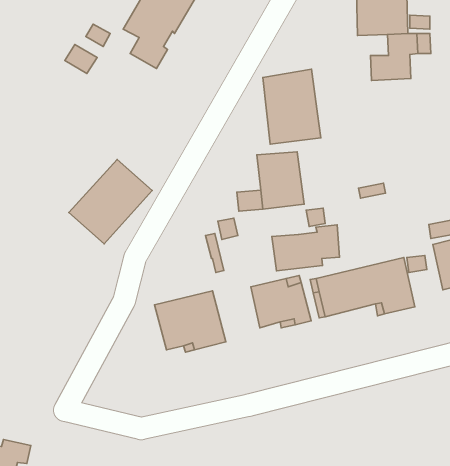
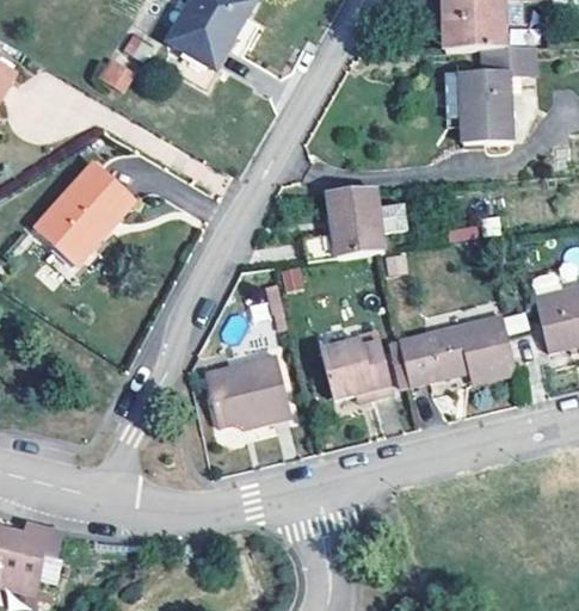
building: [263,69,321,144] -> none
building: none -> [463,100,511,143]
building: [69,159,152,244] -> [36,165,135,265]
building: [272,225,340,271] -> none

